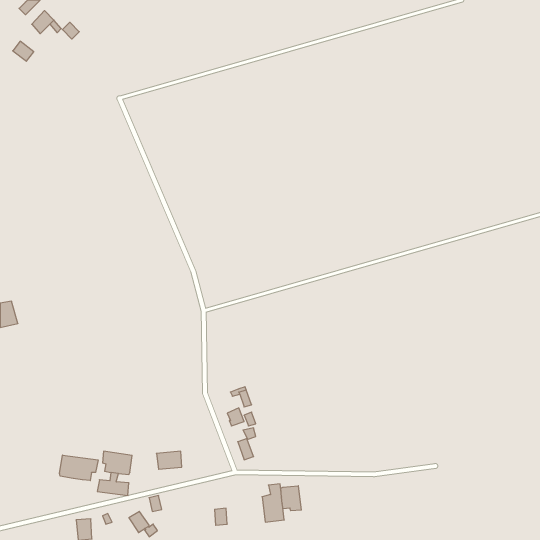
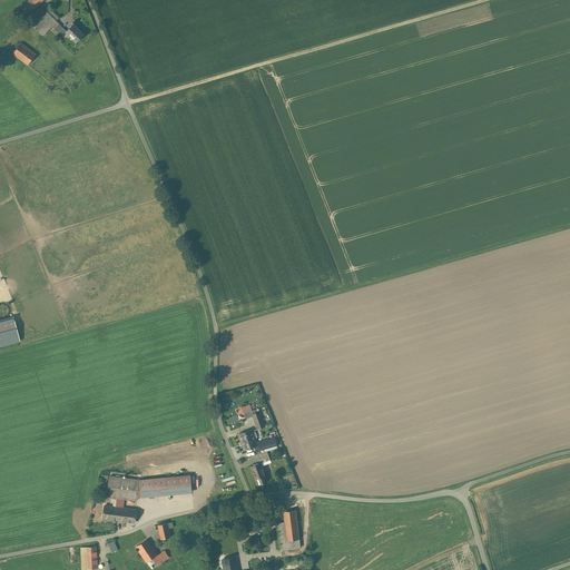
building: none -> [137,478,167,498]
building: [60,455,98,481] -> none
building: [281,486,301,511] -> none

